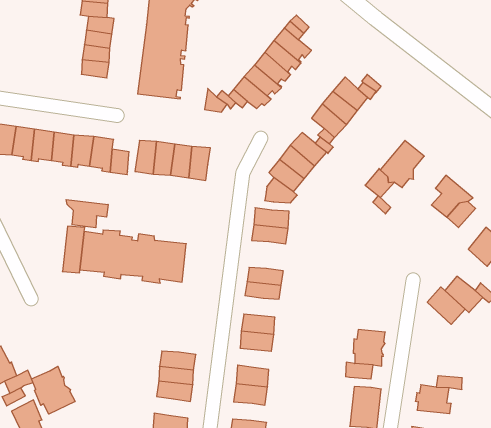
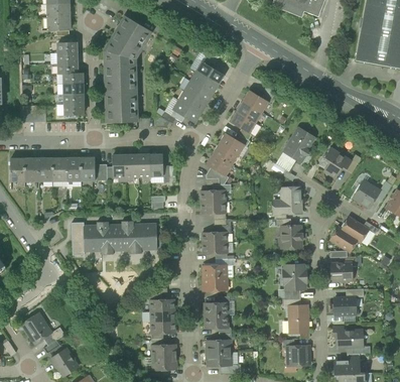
building: [66,200,108,228] -> none
building: none -> [273,187,300,213]
building: none -> [281,225,302,250]
building: none -> [330,262,356,282]
building: [32,366,75,414] -> none

